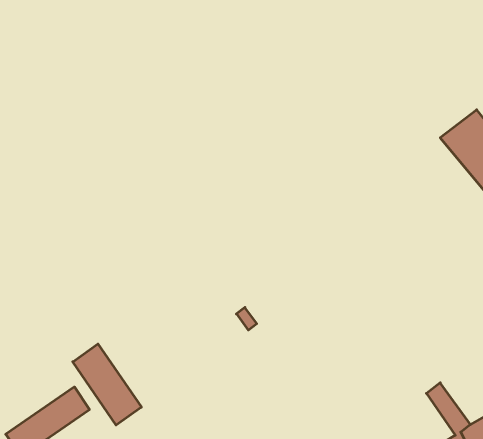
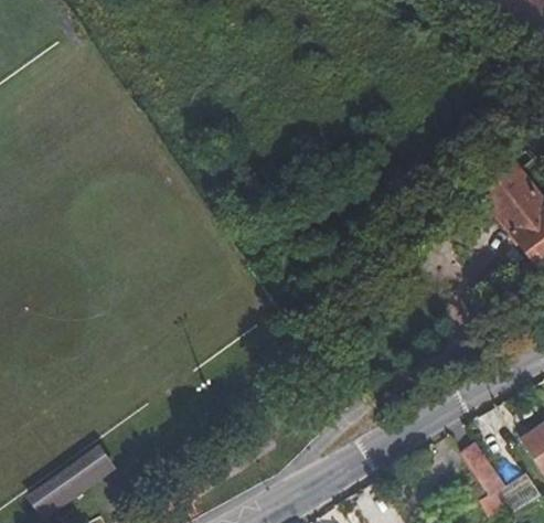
building: [73,344,141,425] -> none

